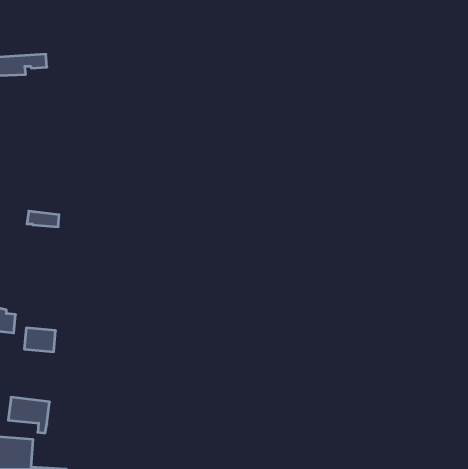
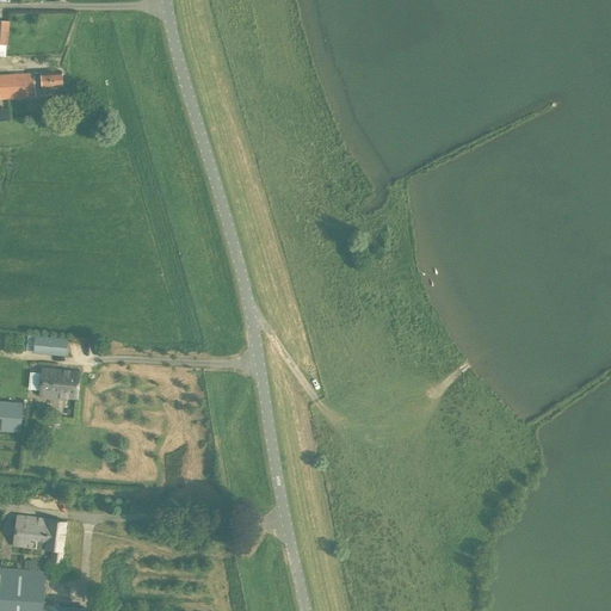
building: [27,211,59,227] -> [24,334,66,354]
building: [24,328,56,352] -> [37,368,78,399]

